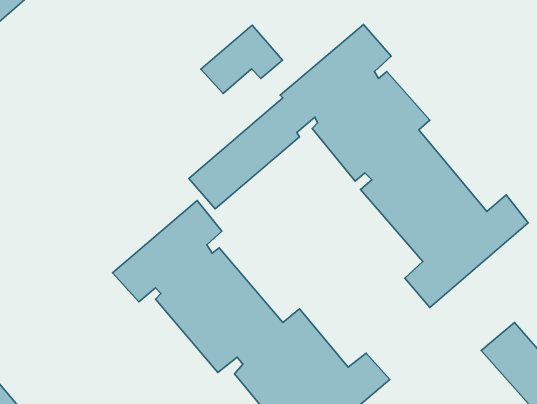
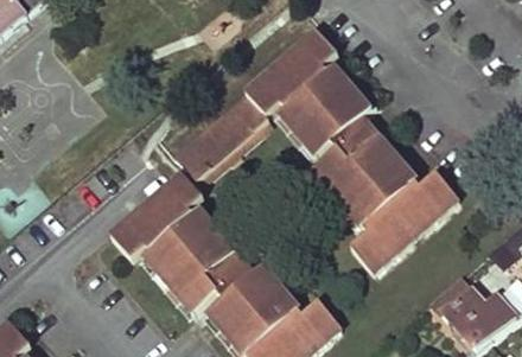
building: [201,25,283,93] -> none

